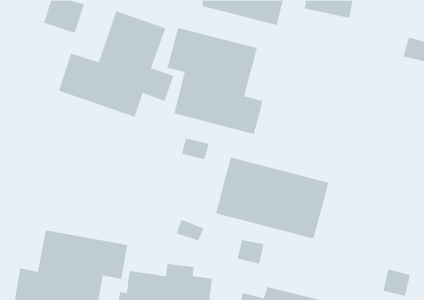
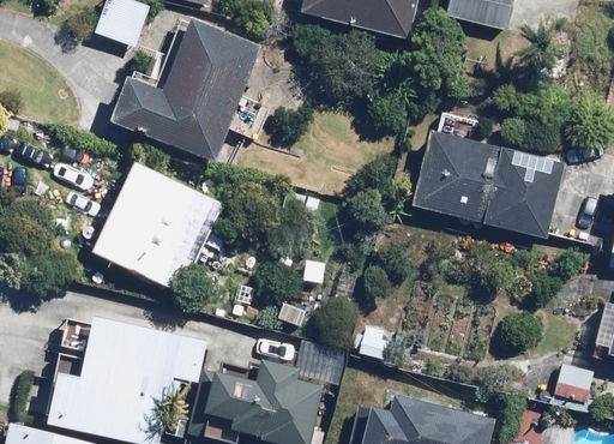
building: [167,27,263,135] -> none
building: none -> [94,161,222,294]
building: [215,157,329,239] -> [407,128,561,240]

